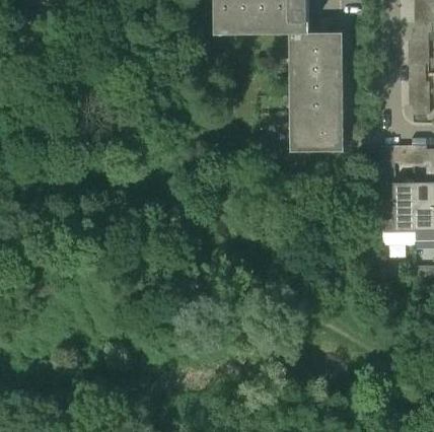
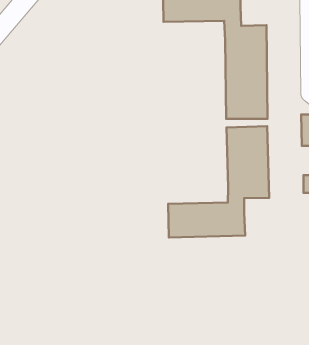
building: none -> [168,126,269,238]

